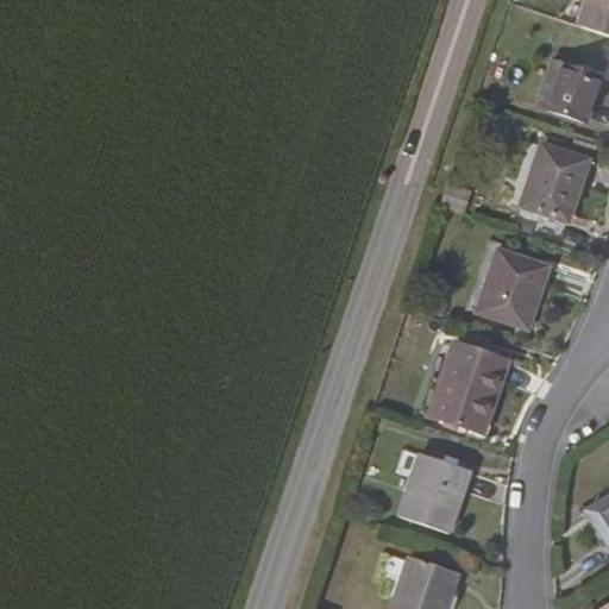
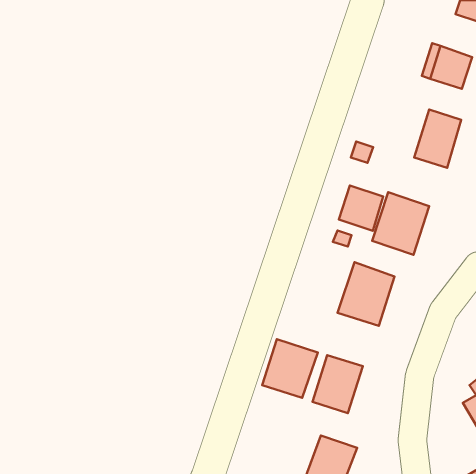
building: none -> [339,185,383,231]
building: none -> [262,339,318,398]

